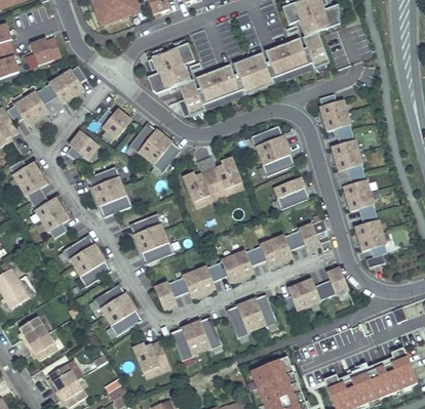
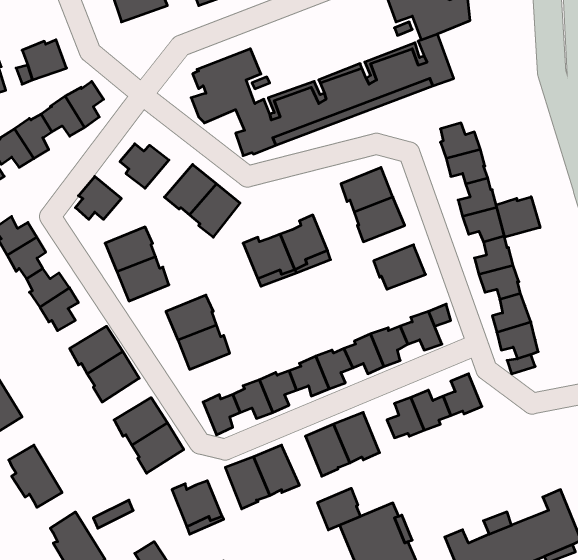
building: none -> [496,197,540,237]
building: none -> [318,488,360,530]

